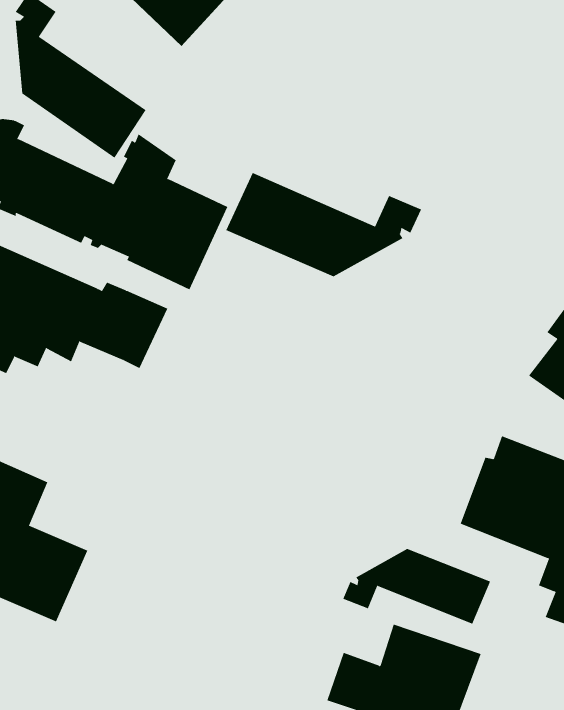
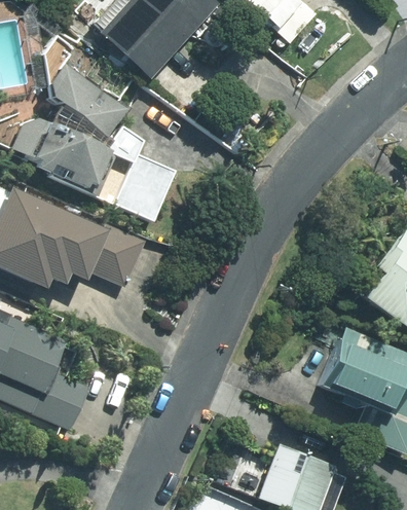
building: [226,172,422,277] -> none
building: [343,548,491,625] -> none

